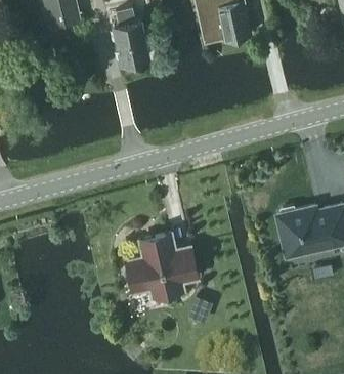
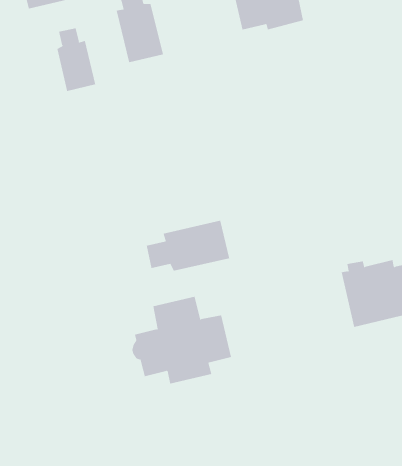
building: none -> [57,27,96,92]
building: none -> [146,220,230,272]

